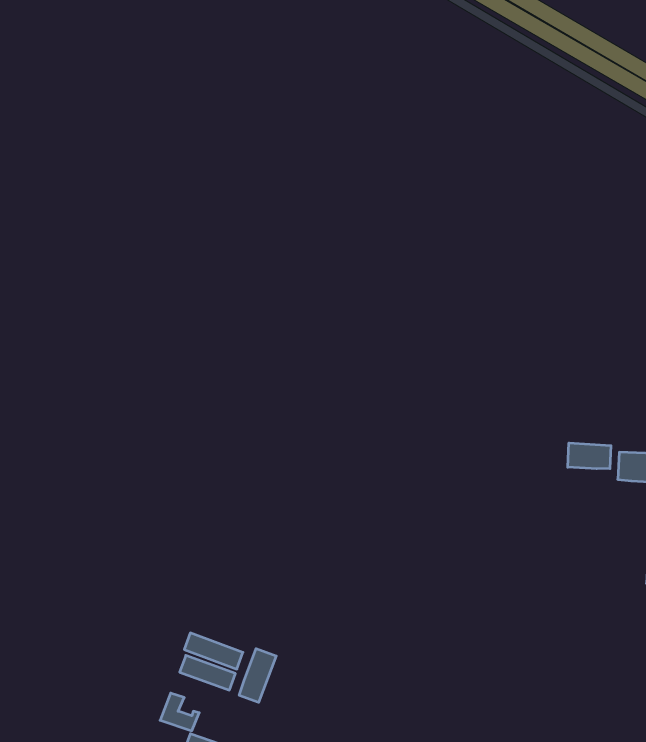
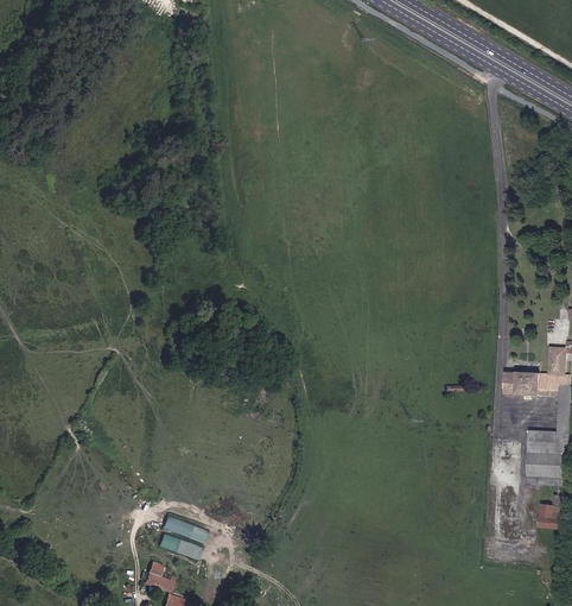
building: [568,443,611,469] -> none
building: [239,649,276,702] -> none

